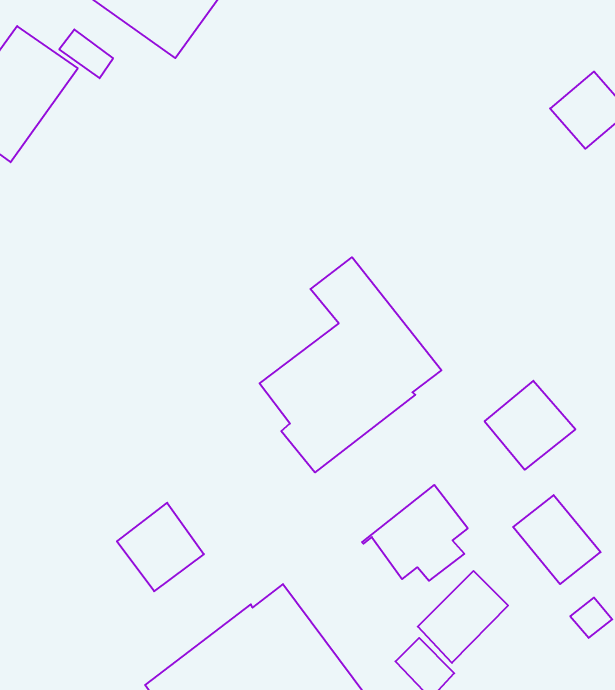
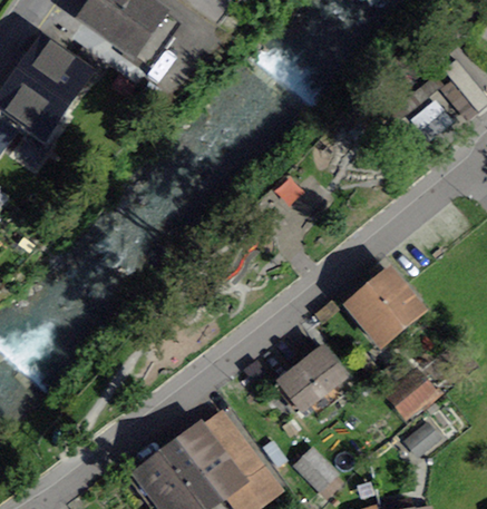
building: [260,257,441,472] -> none
building: [117,503,204,591] -> none
building: [418,571,508,663] -> none

